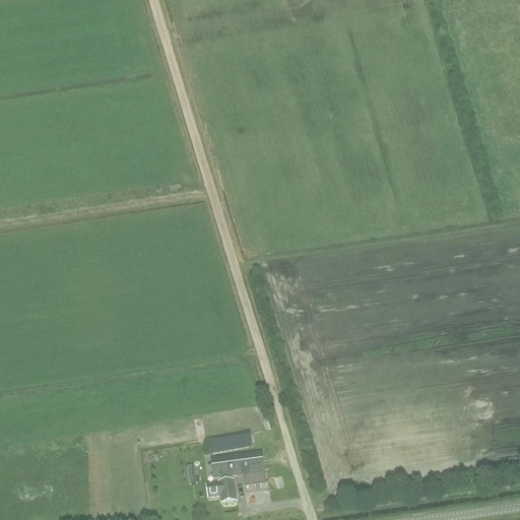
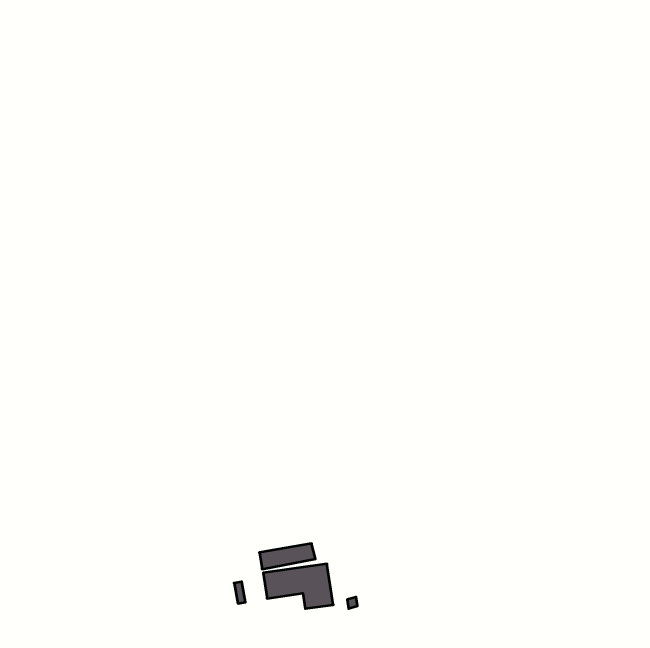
building: [206,479,237,502] -> none

